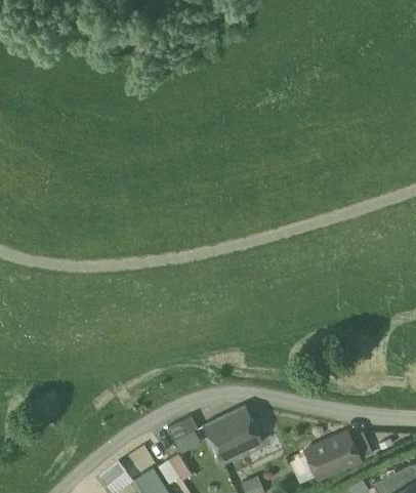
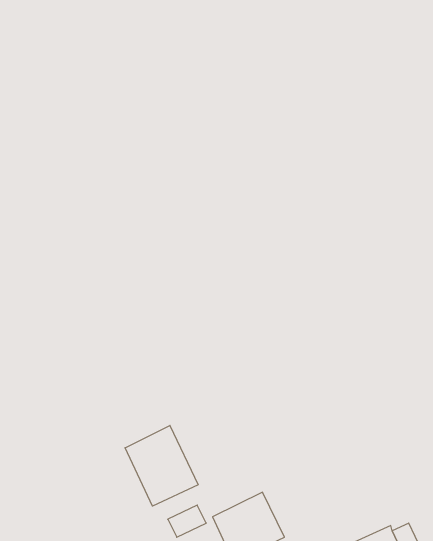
building: none -> [125,425,198,506]

